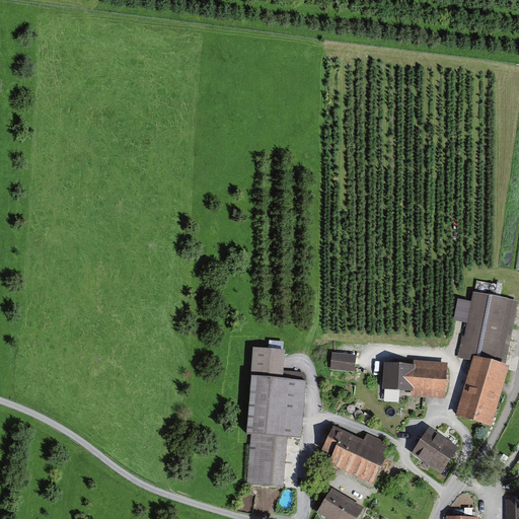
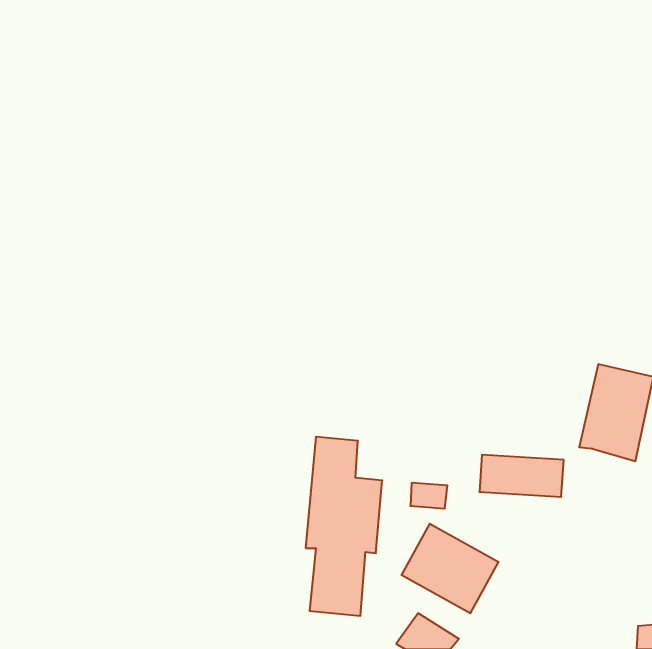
building: [329,351,359,371] -> [410,483,447,508]
building: [453,356,505,426] -> none
building: [414,429,459,472] -> none

